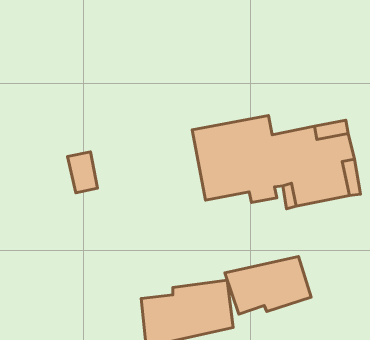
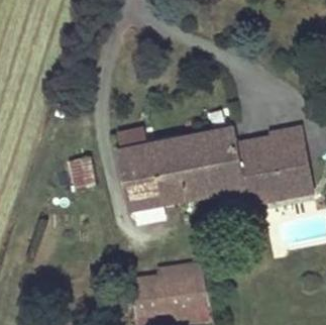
building: none -> [116,133,185,208]
building: [225,257,311,314] -> none

